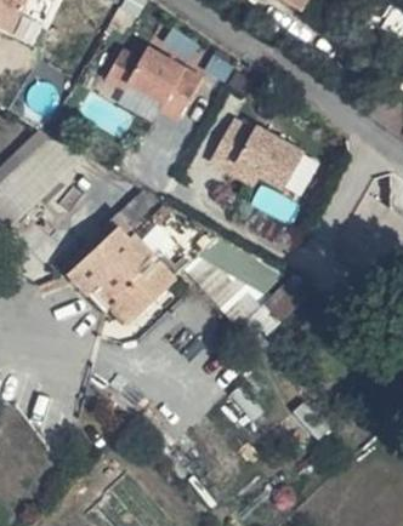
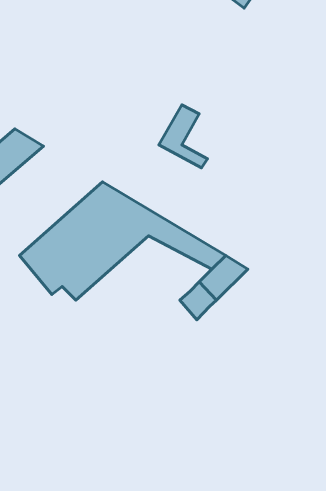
building: [107,48,201,120] -> none
building: [233,122,302,187] -> none

